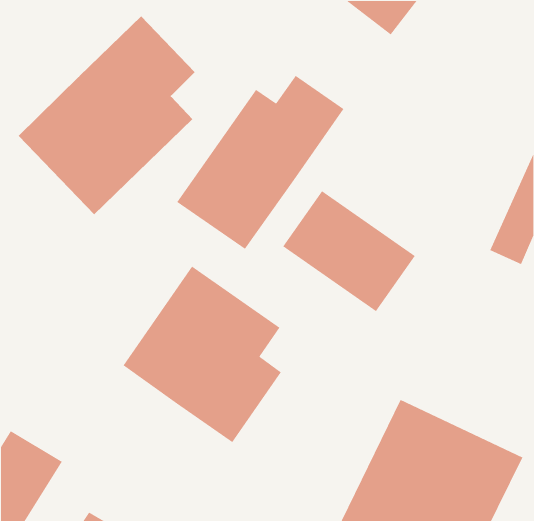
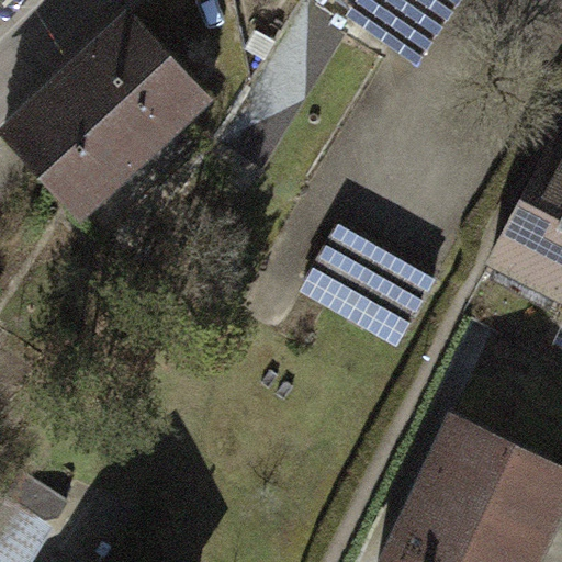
building: [176,75,345,250] -> none
building: [123,266,282,443] -> none

